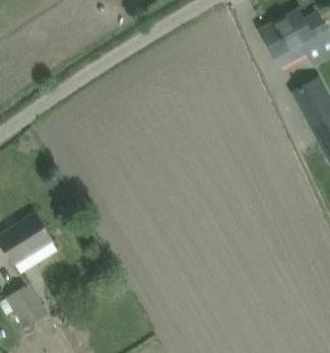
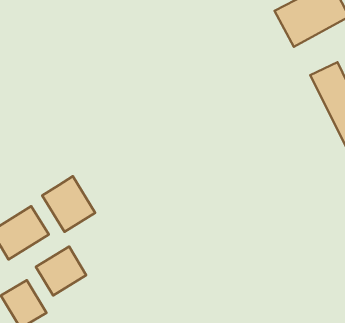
building: none -> [42,176,95,232]
building: none -> [36,246,86,295]

